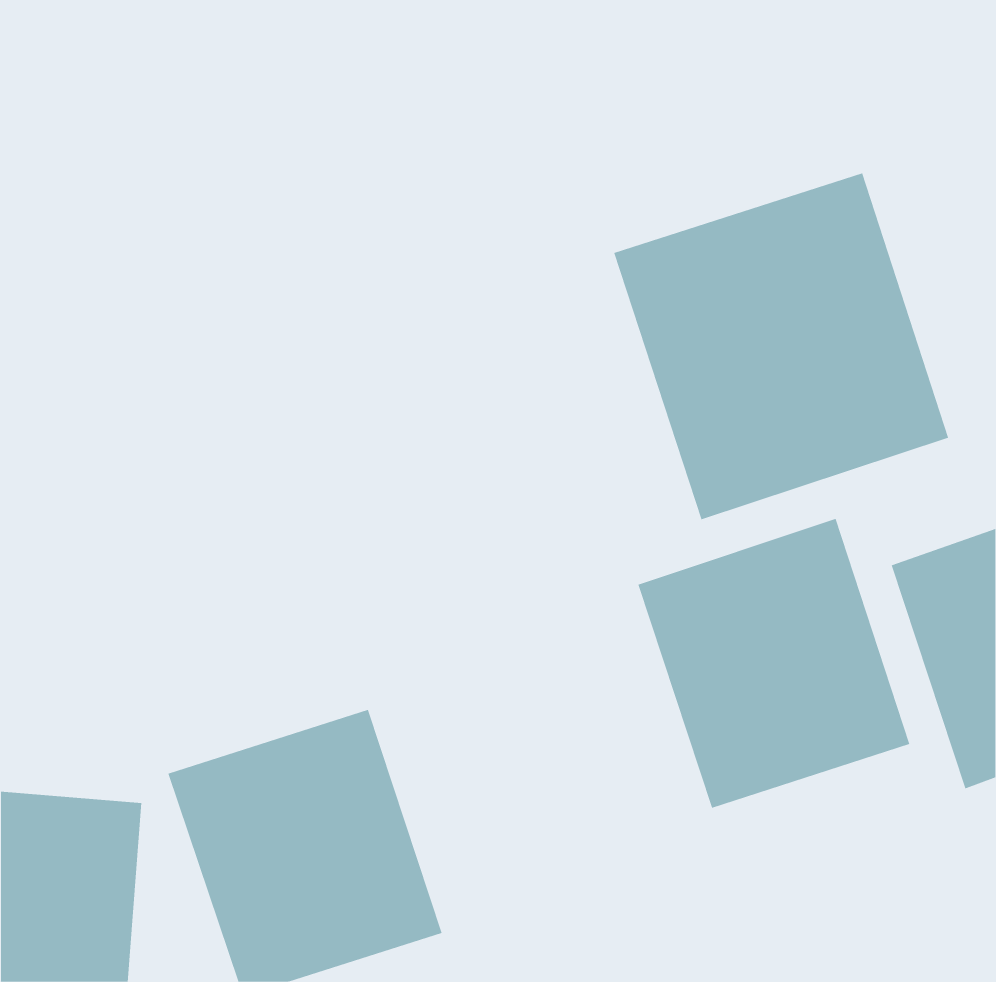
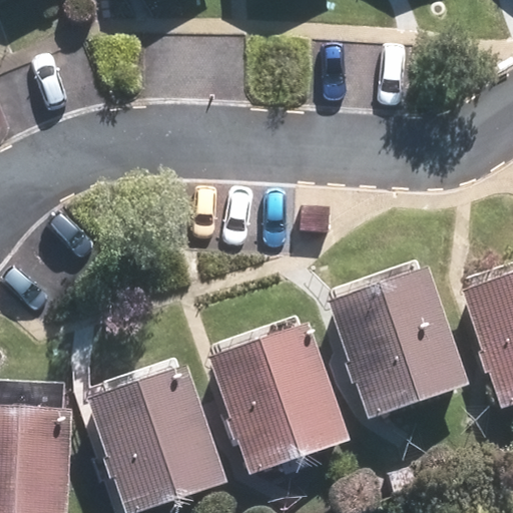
building: [614,172,949,520] -> none
building: none -> [207,325,348,474]

